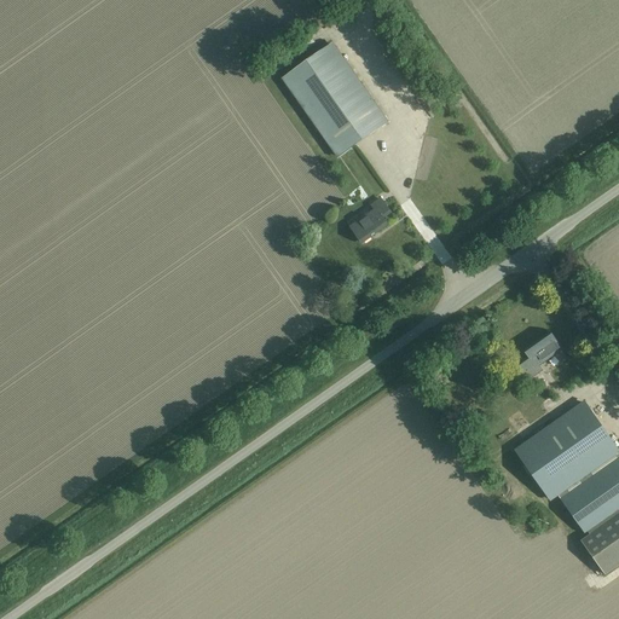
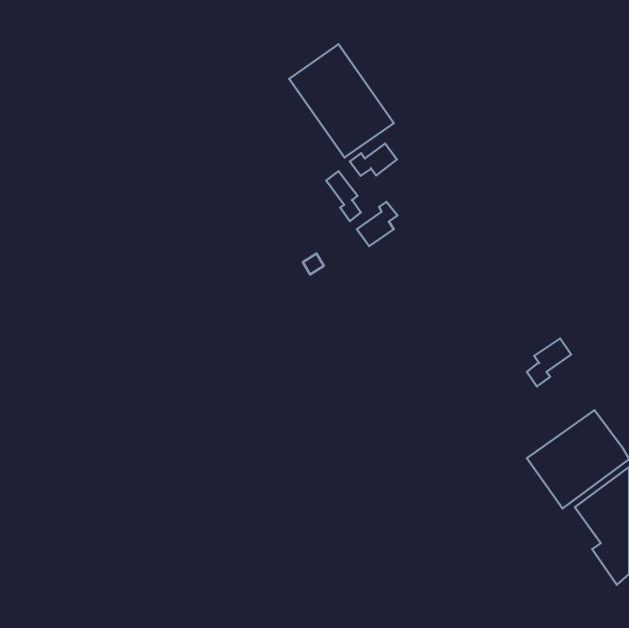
building: none -> [350,144,397,176]
building: none -> [326,171,361,221]

